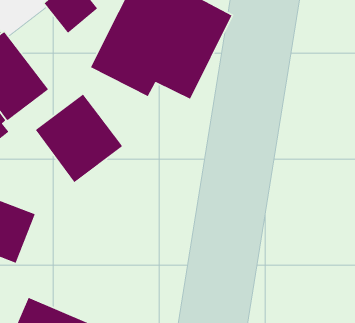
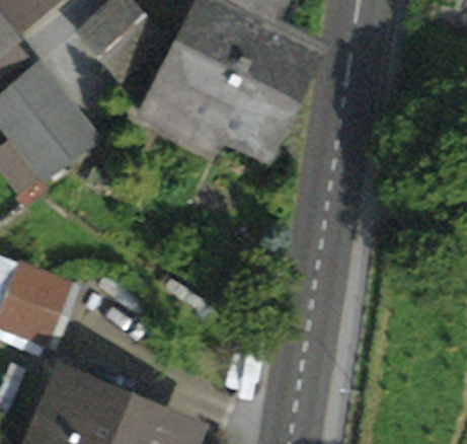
building: [35,93,122,183] -> none

